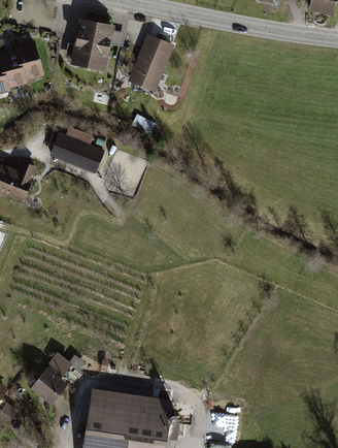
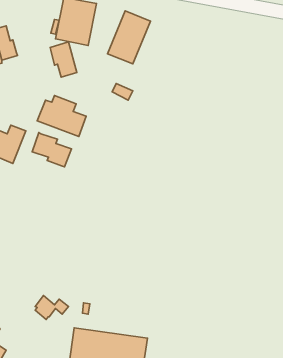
building: [14,41,44,81] -> [50,42,77,77]
building: none -> [32,133,71,167]
building: [29,365,67,404] -> none

